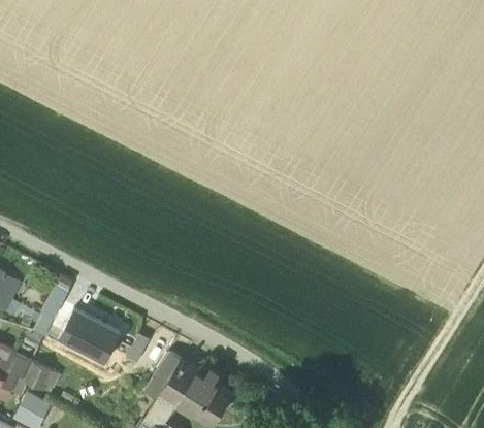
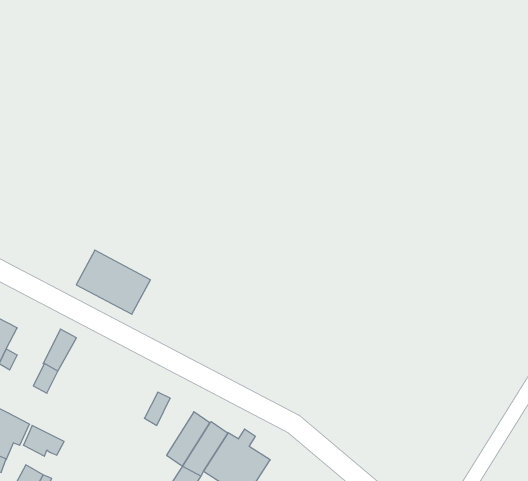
building: [58,307,120,361] -> [76,250,150,314]

